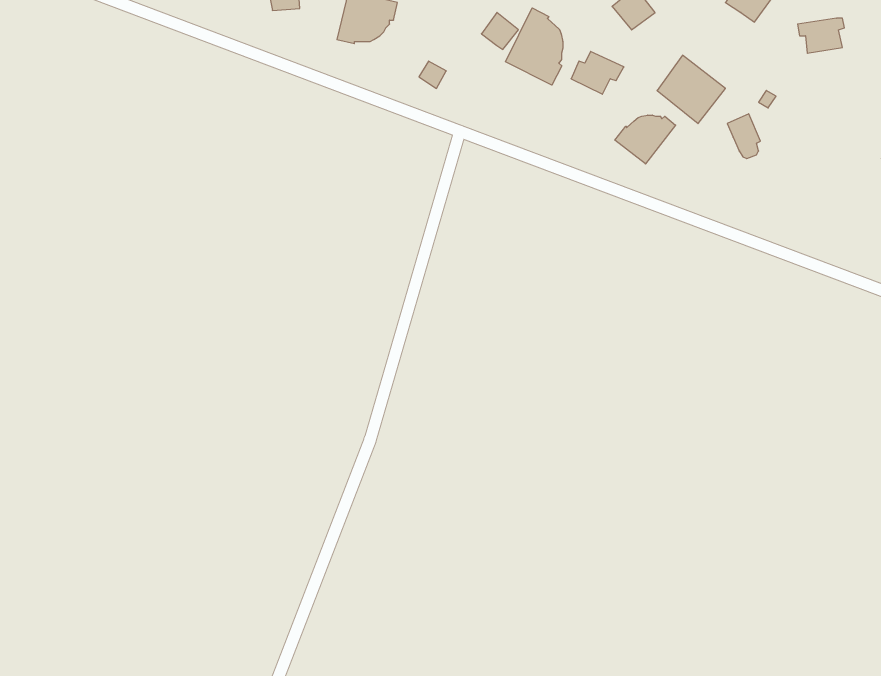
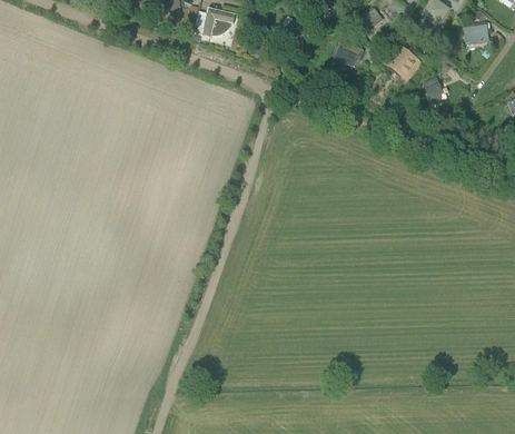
building: [505,8,563,85] -> none
building: [615,115,676,164] -> none

